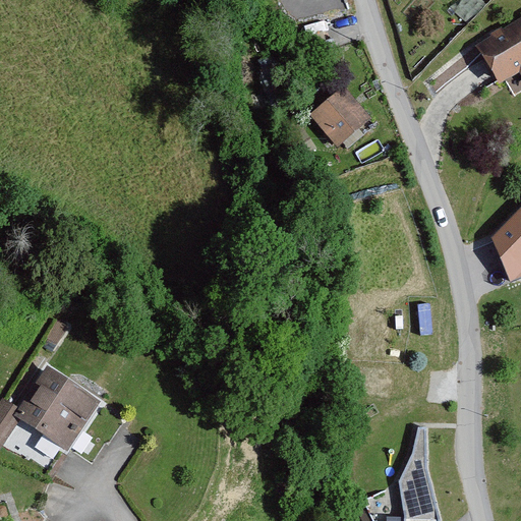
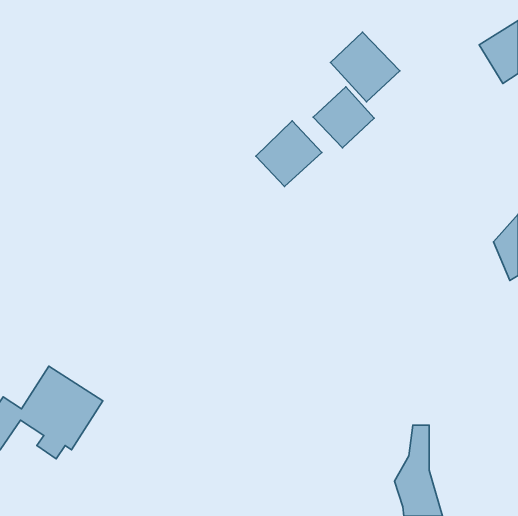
building: none -> [330,32,400,102]
building: none -> [256,121,322,187]

